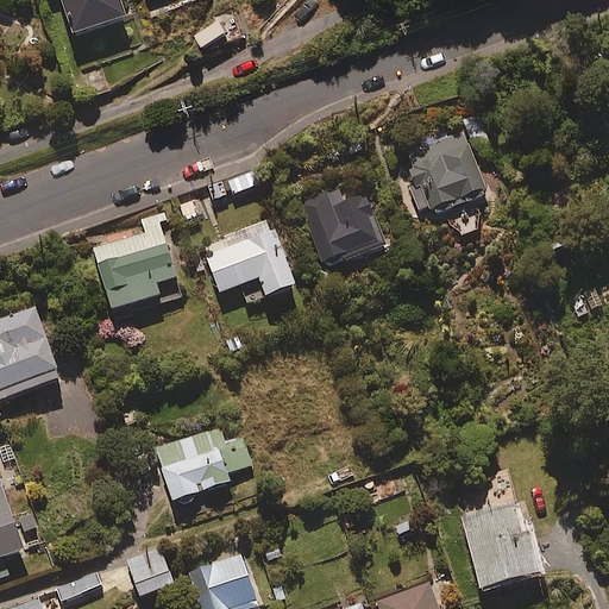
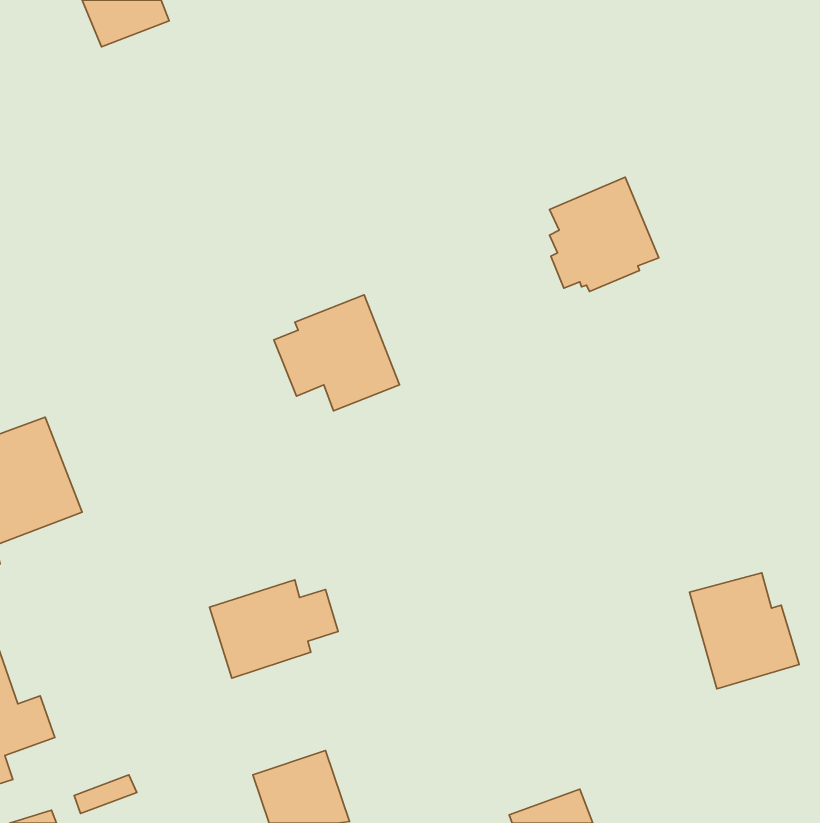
building: [299,189,387,263] -> none
building: [92,216,175,310] -> none
building: [460,503,541,589] -> [689,573,799,689]
building: [125,548,172,597] -> none

